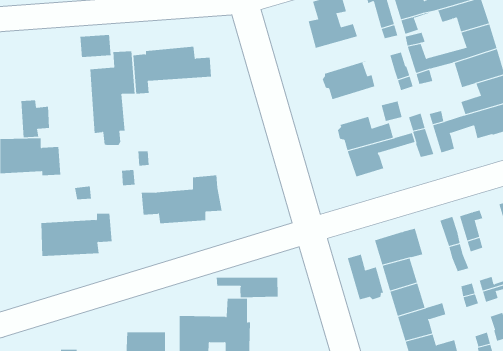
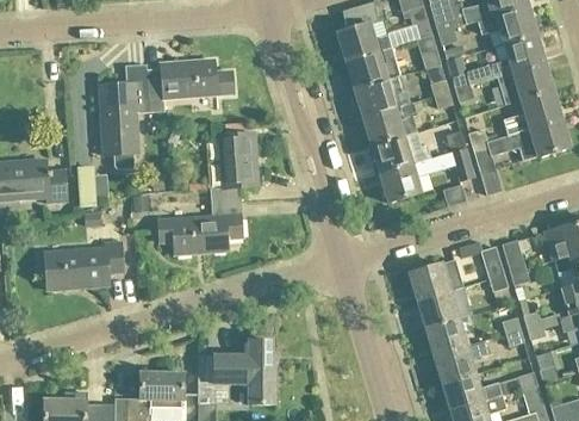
building: [80,34,111,58] -> none
building: none -> [345,48,401,89]
building: none -> [363,103,417,146]
building: [21,100,50,138] -> [76,166,108,208]
building: none -> [210,131,256,203]
building: [347,254,384,300] -> none
building: [216,277,278,298] -> none

